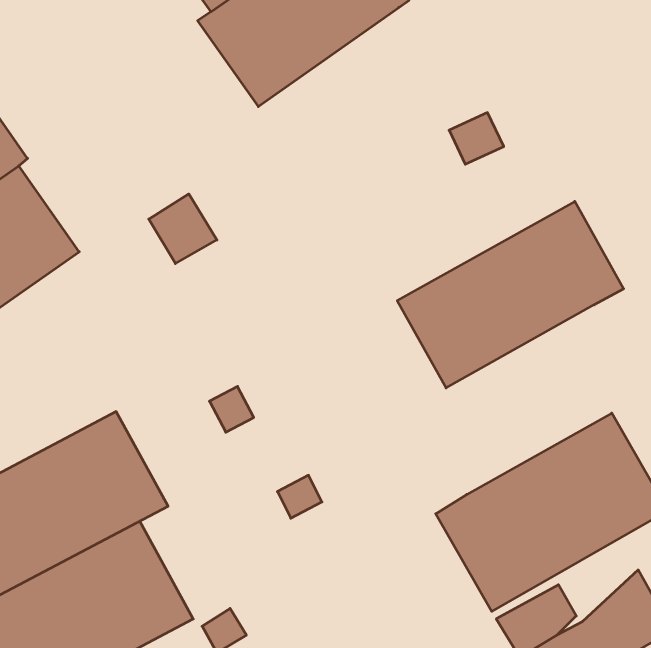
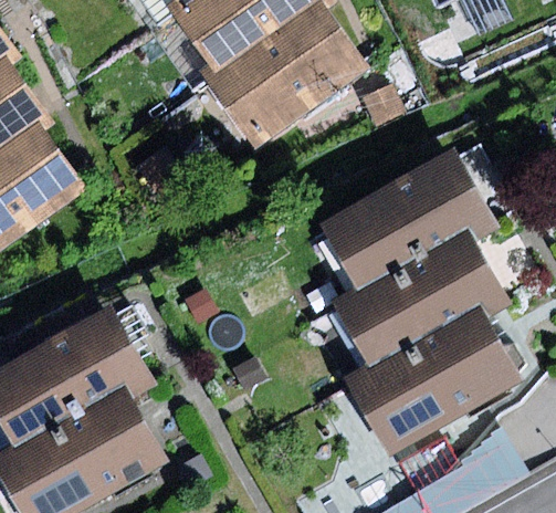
building: none -> [207,6,367,150]
building: none -> [335,228,505,369]

